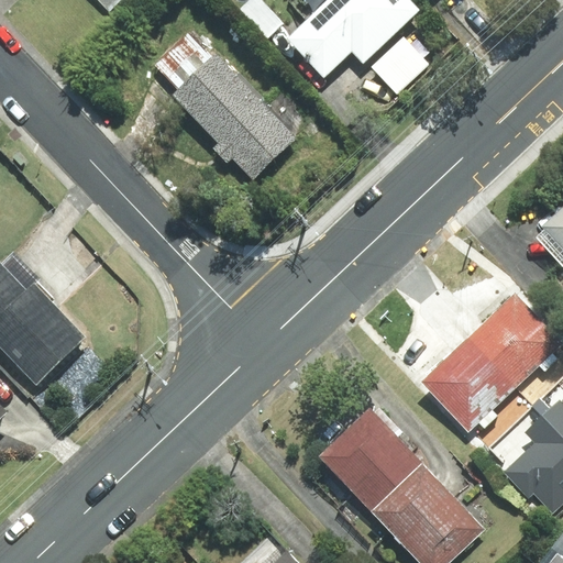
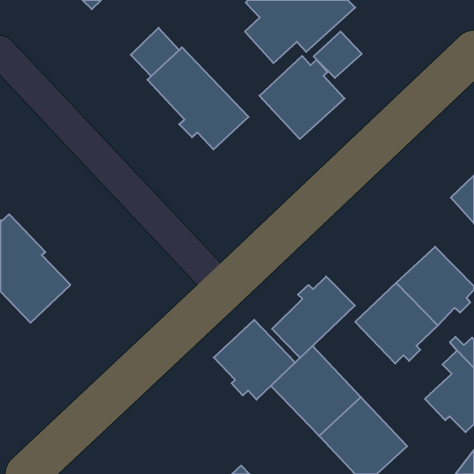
building: none -> [259,56,345,139]
building: none -> [272,276,355,358]
building: none -> [214,320,295,400]

